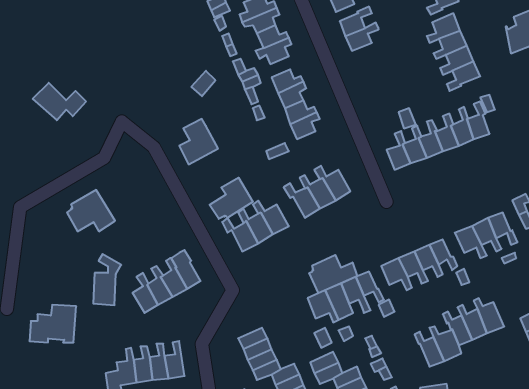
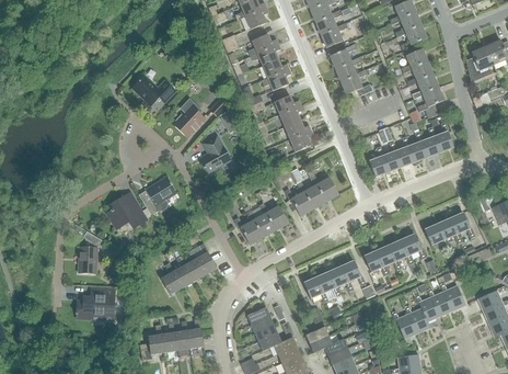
building: none -> [339,69,372,97]
building: none -> [171,97,205,137]
building: [33,83,86,120] -> [130,73,174,104]
building: none -> [143,174,175,214]
building: [210,178,253,219] -> none
building: [93,254,121,305] -> [78,230,101,272]
building: [309,255,357,293] -> none

